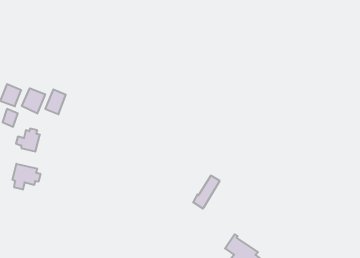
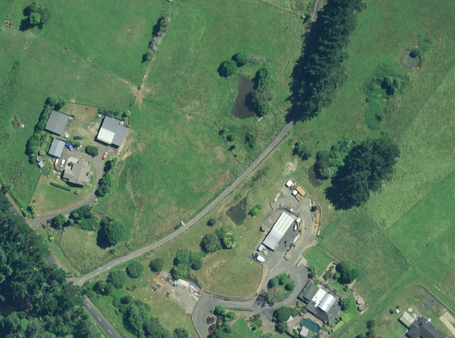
building: [22,88,45,114] -> none
building: [12,164,40,190] -> none

